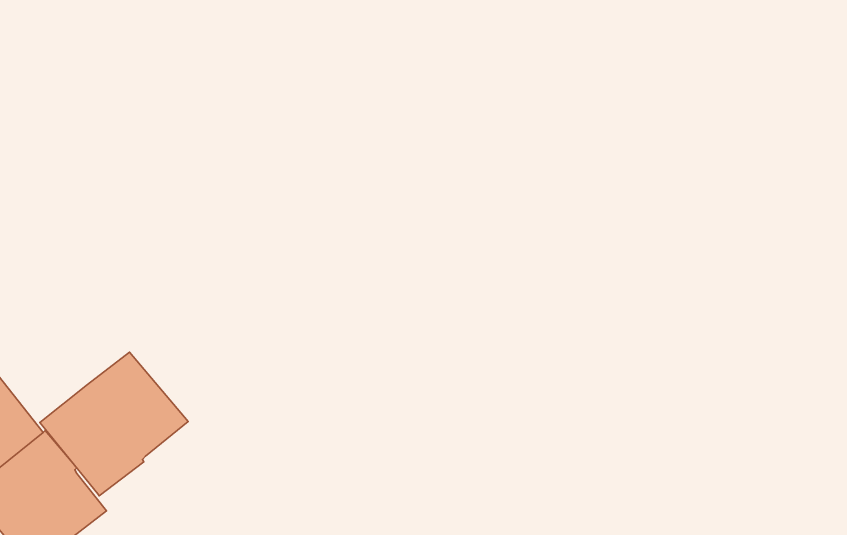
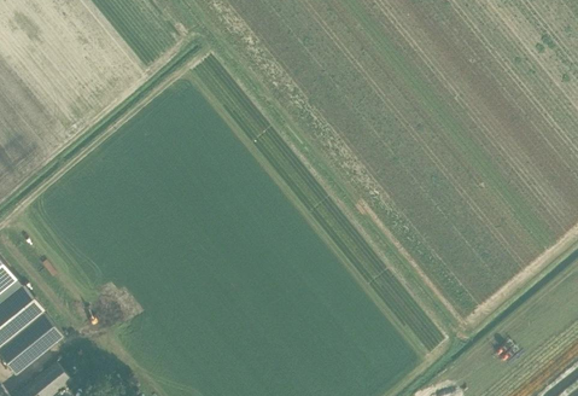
building: [40,352,188,496] -> none

